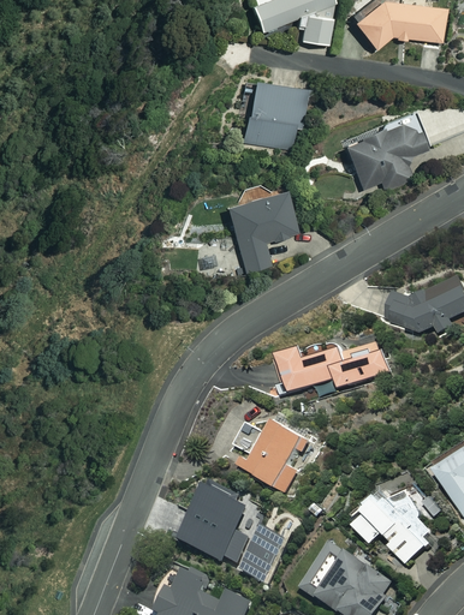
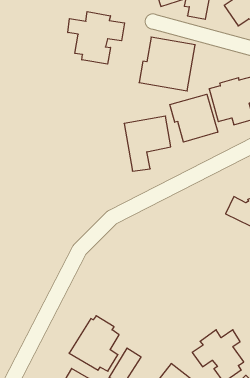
building: none -> [68,12,125,64]
building: none -> [170,94,218,142]
building: [279,340,391,396] -> none
building: [233,418,307,491] -> none

